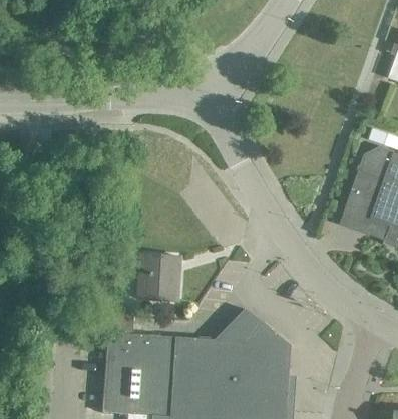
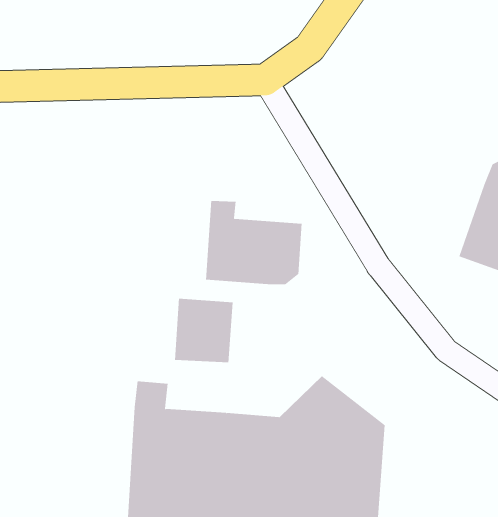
building: none -> [206,200,302,285]

